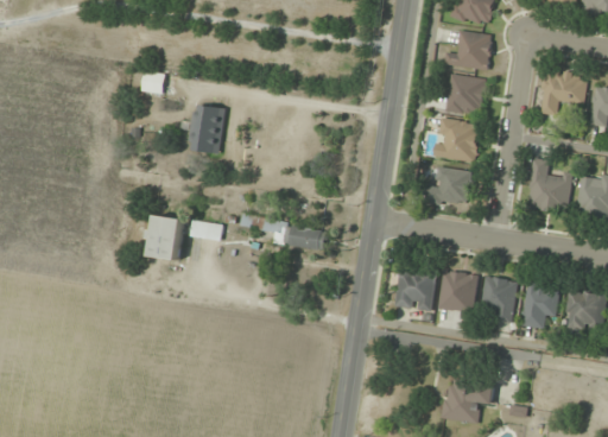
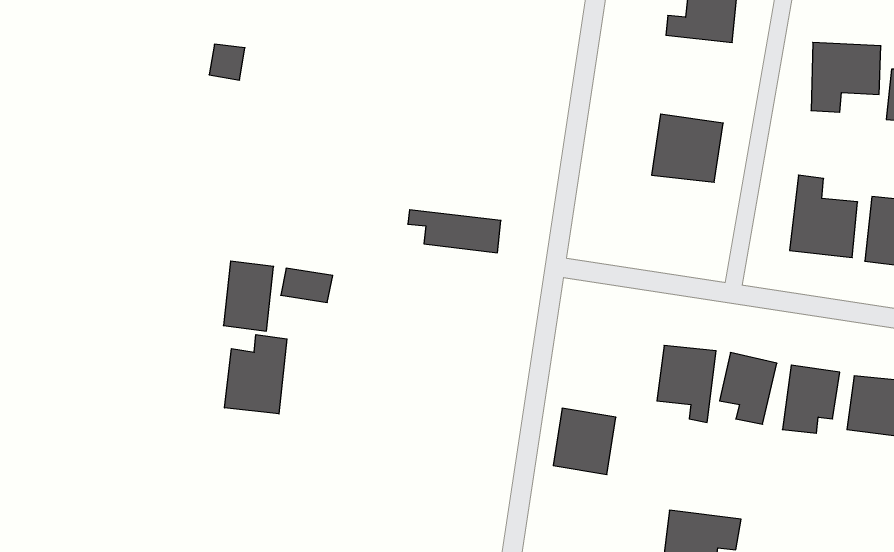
building: [445,74,486,115] -> none
building: [188,103,226,153] -> none
building: [425,167,471,203] -> none
building: [264,221,325,249] -> [408,210,501,253]
building: none -> [225,335,287,414]
building: [394,267,436,311] -> [553,408,616,475]

